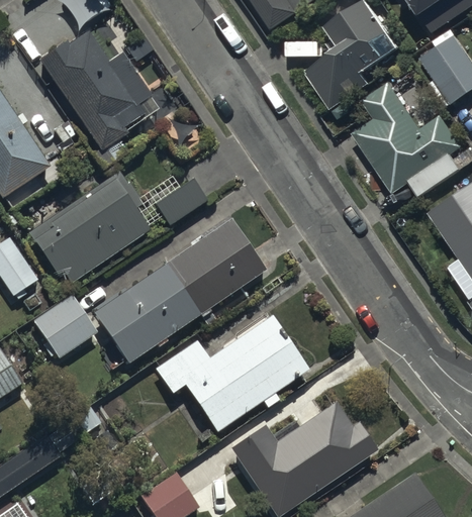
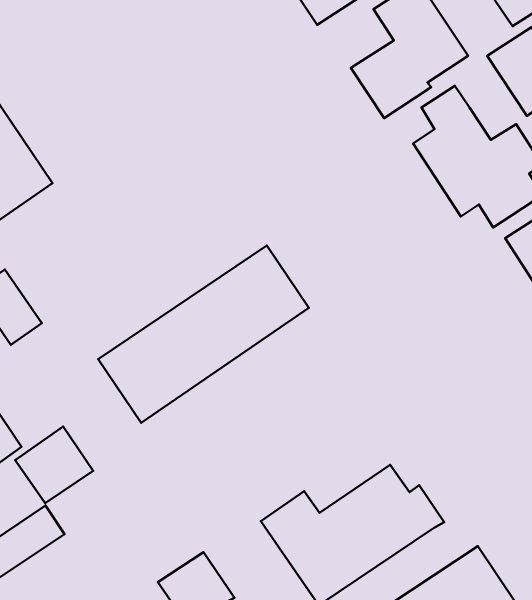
building: [37,24,152,151] -> none
building: [31,171,154,284] -> none
building: [150,173,211,229] -> none
building: [32,295,98,359] -> [15,427,93,503]
building: [154,313,308,432] -> none

